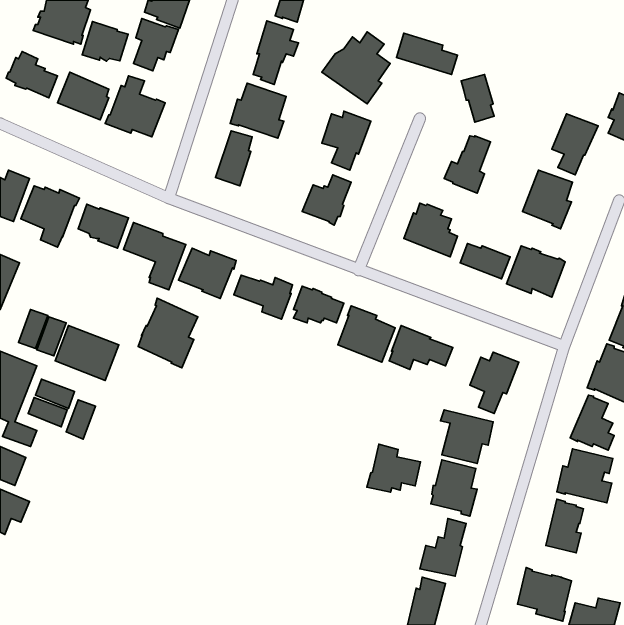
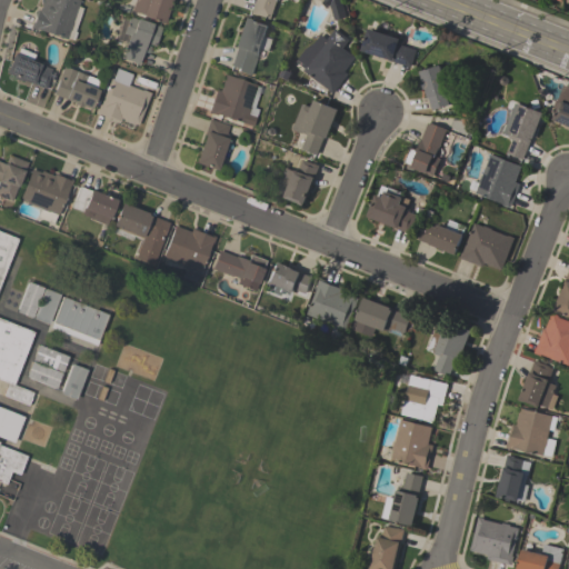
building: [82,21,128,61] -> none
building: [138,298,198,368] -> none
building: [367,444,421,492] -> none

